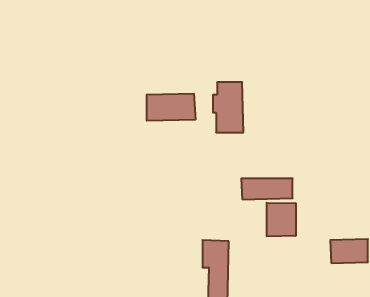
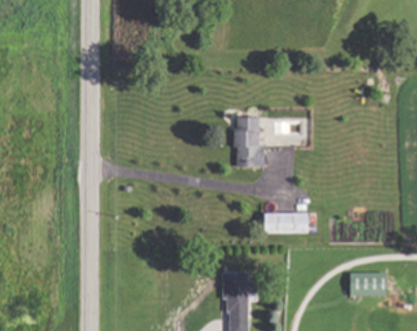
building: [147,94,195,121] -> none
building: [267,203,296,236] -> none

